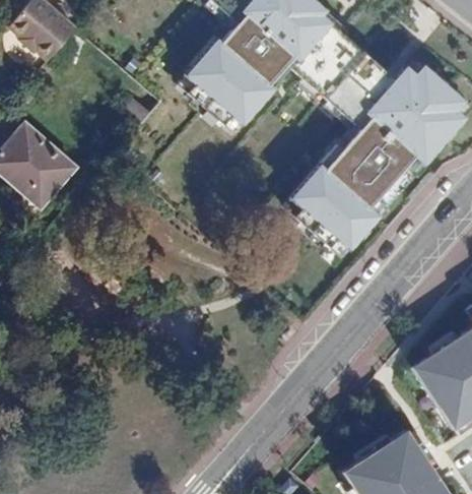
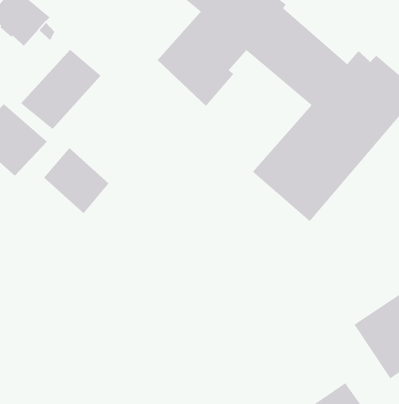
building: none -> [20,49,101,130]
building: none -> [43,147,110,214]

